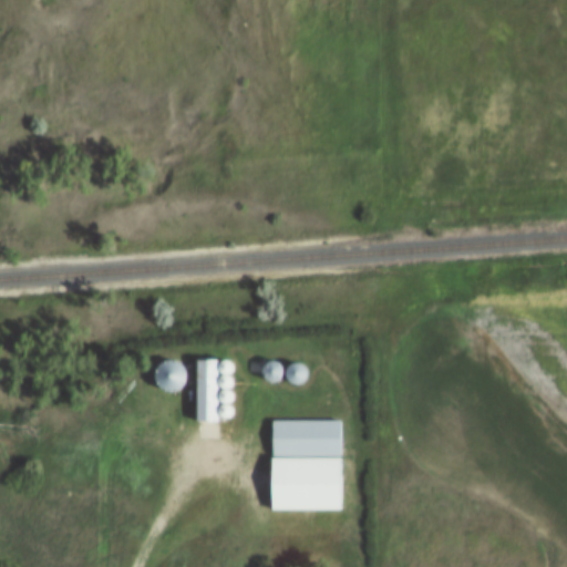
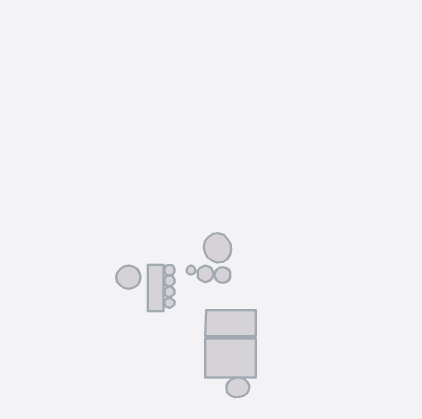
building: none -> [204,233,231,262]
building: none -> [227,378,249,397]

